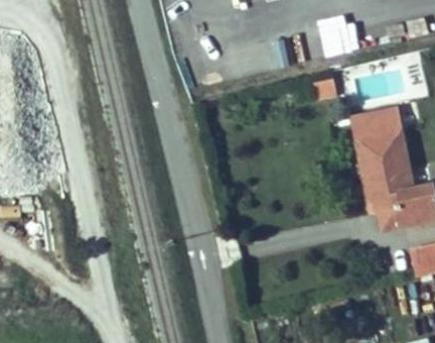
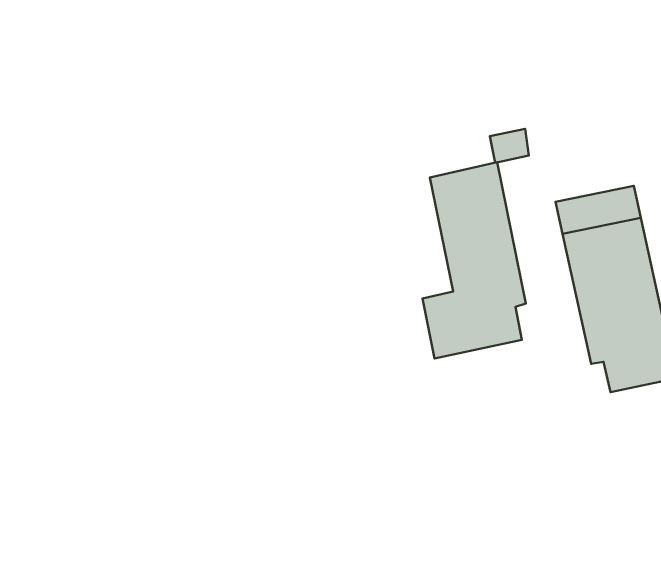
building: none -> [423,162,526,359]

